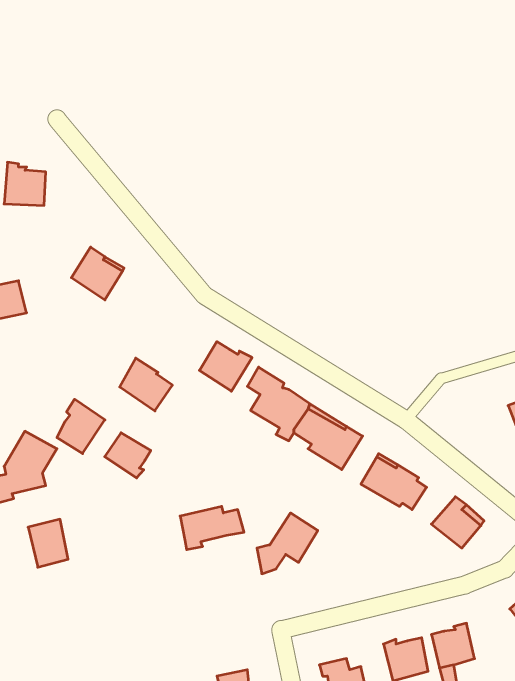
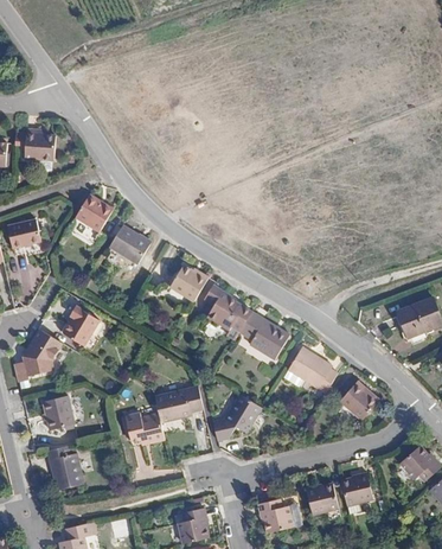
building: [120,358,172,411] -> [109,224,148,263]
building: [105,433,151,478] -> none
building: none -> [124,410,164,442]
building: none -> [47,446,85,490]

